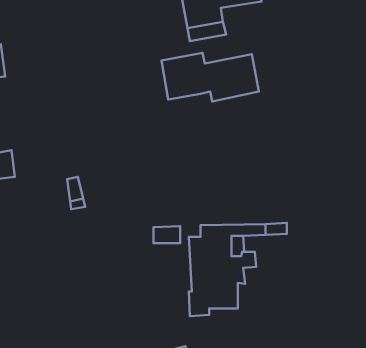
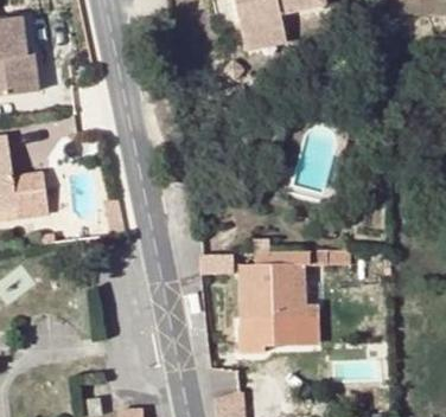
building: [162,53,259,101] -> none

